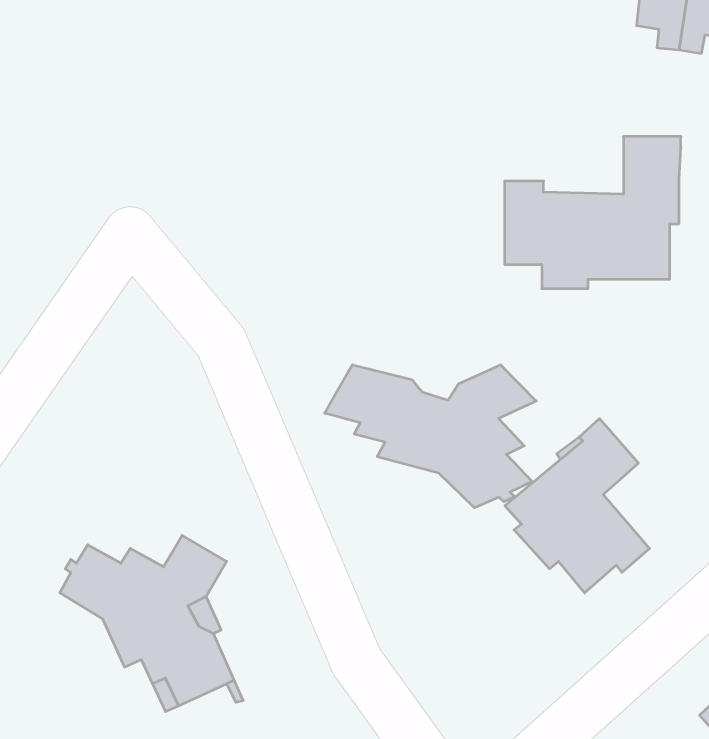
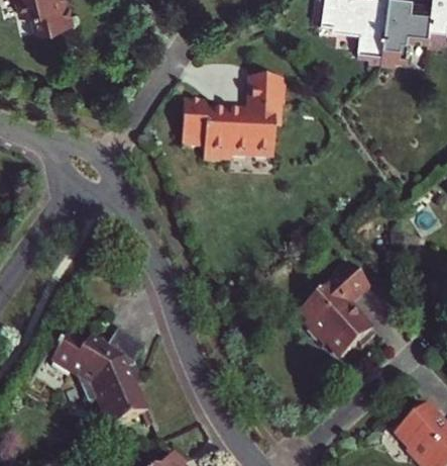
building: [505,137,681,289] -> [183,81,278,164]
building: [325,365,536,508] -> none

